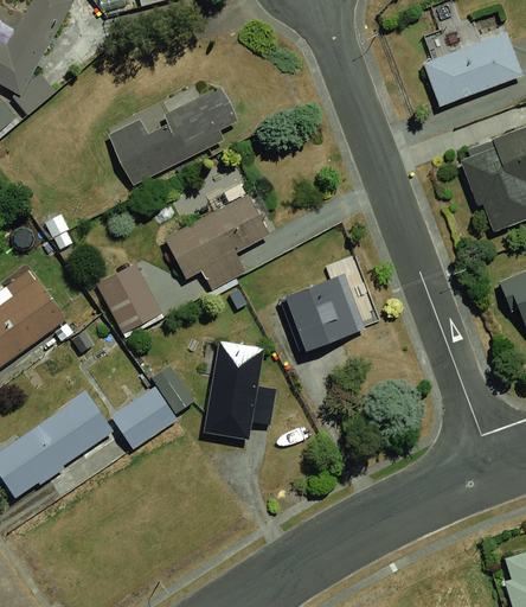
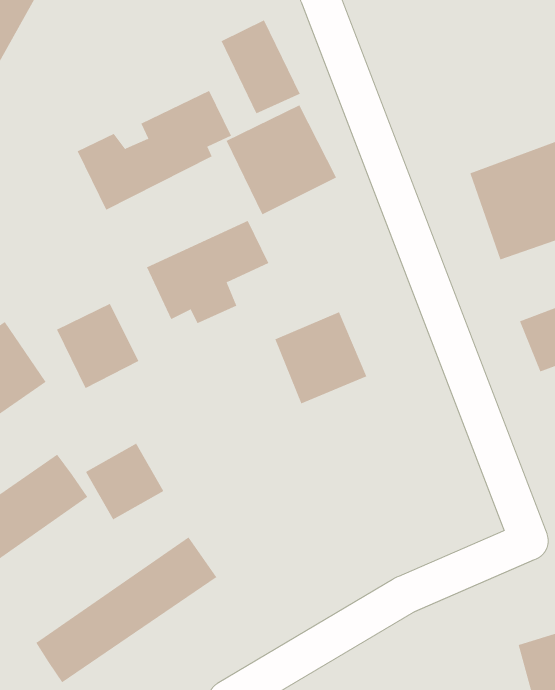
building: none -> [221,19,301,114]
building: [410,26,508,100] -> none
building: none -> [226,104,337,215]
building: [210,333,267,434] -> none
building: none -> [35,537,217,683]

